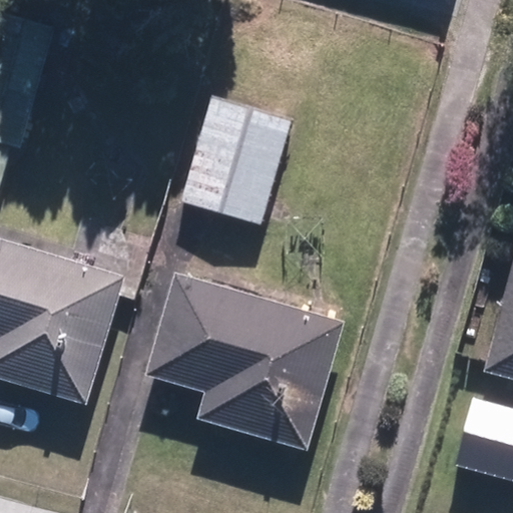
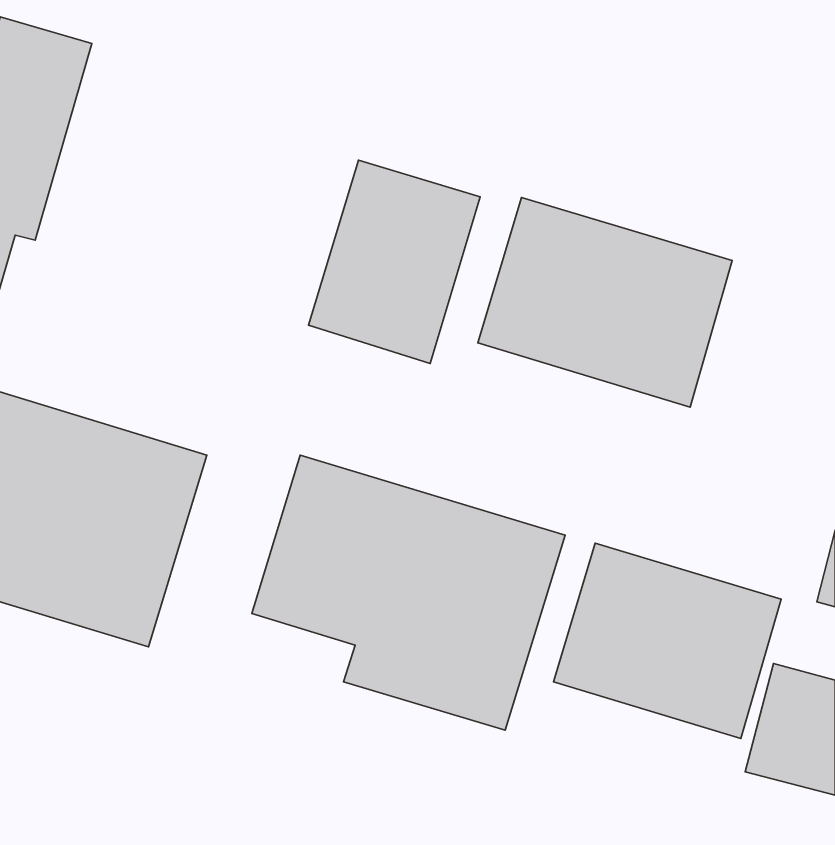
building: none -> [478,197,732,407]
building: none -> [553,543,781,739]

